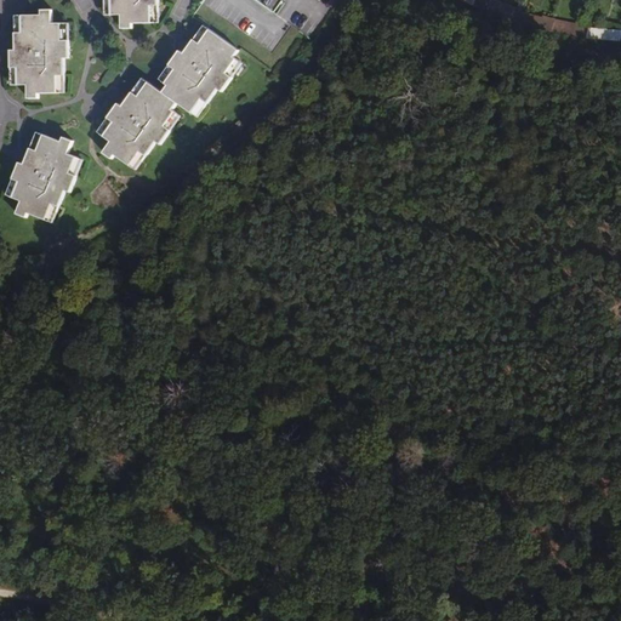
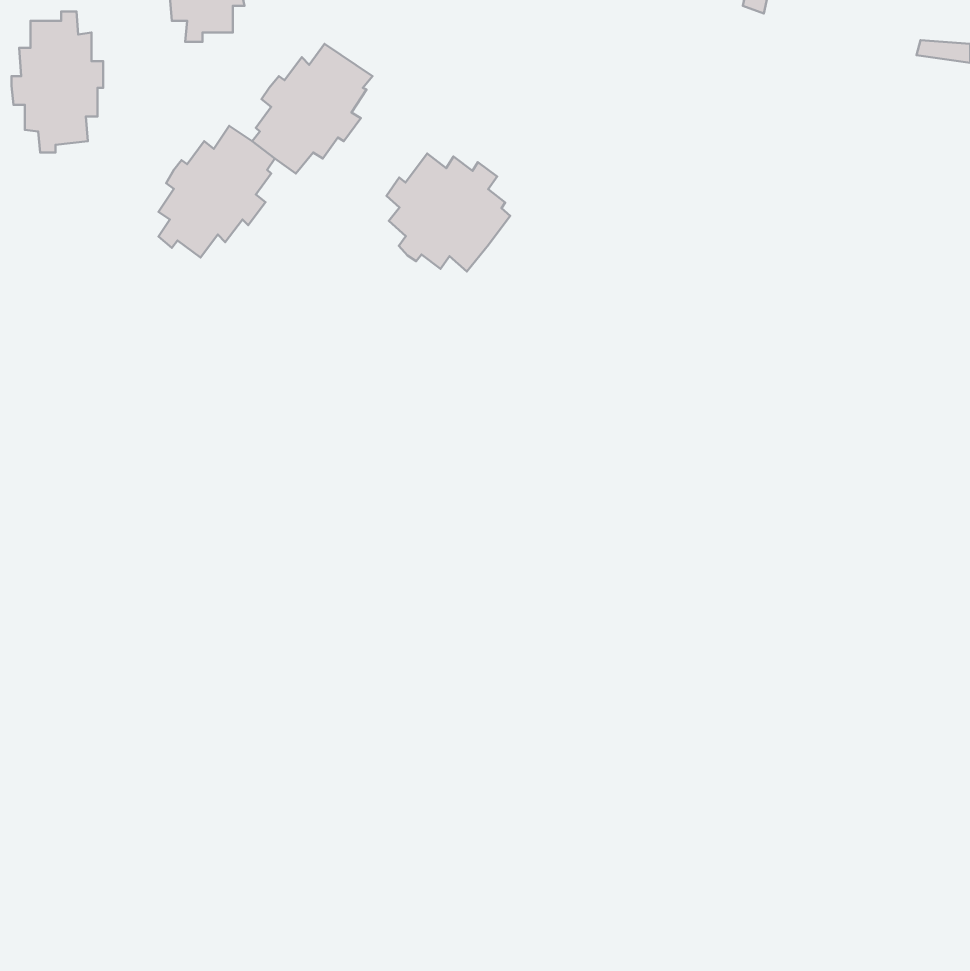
building: none -> [387,154,510,272]
building: [11,133,75,218] -> none

